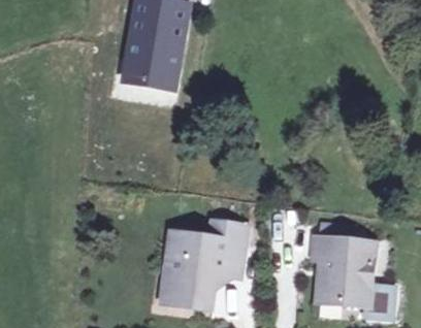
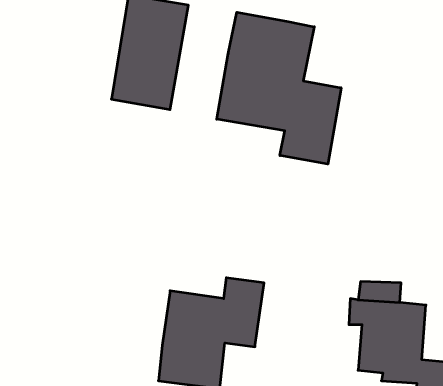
building: none -> [217,12,341,164]

